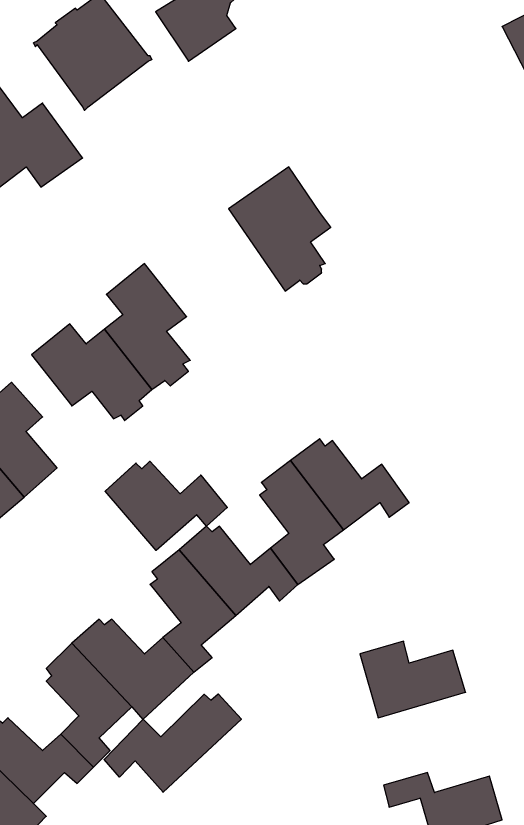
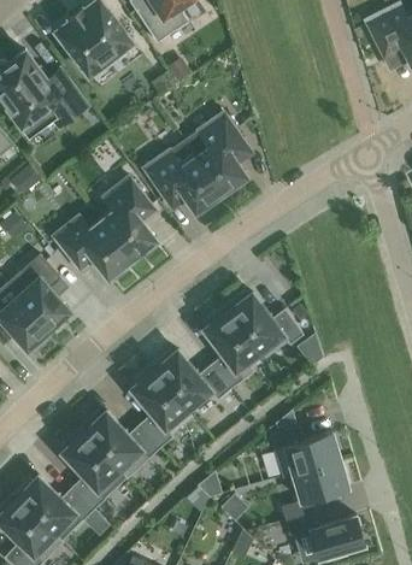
building: none -> [145,141,222,213]
building: [105,461,227,550] -> none
building: none -> [282,460,348,522]
building: [104,694,241,792] -> none

